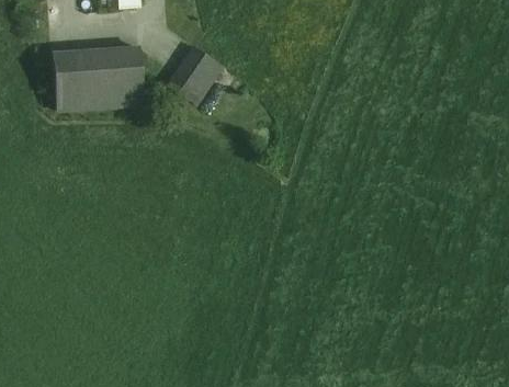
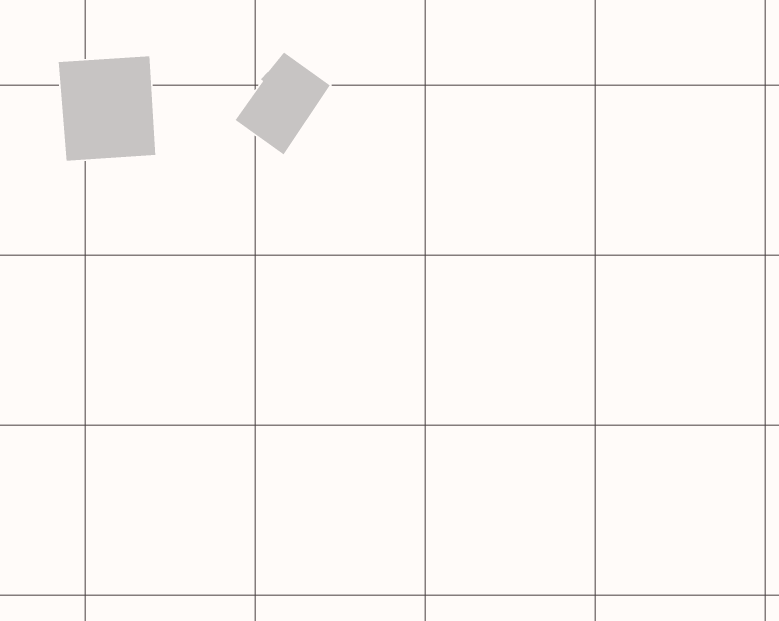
building: [123,48,145,105] -> none
building: [54,53,76,111] -> none

